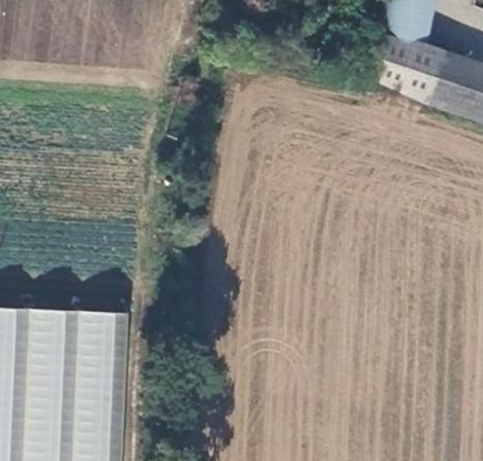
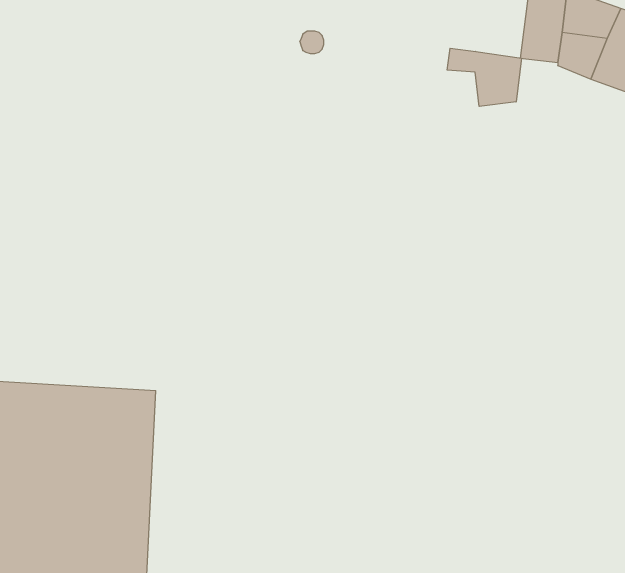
building: none -> [447,48,522,106]

